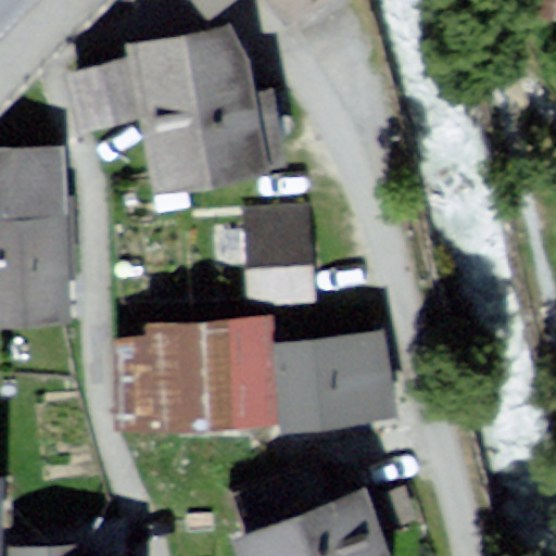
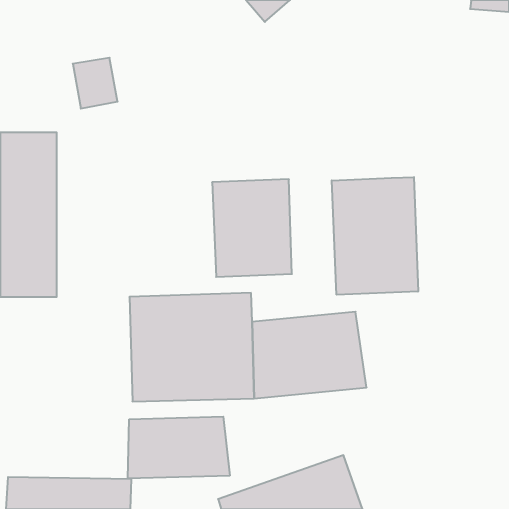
building: [137,37,249,177] -> none
building: none -> [332,177,418,295]
building: none -> [128,417,230,479]

